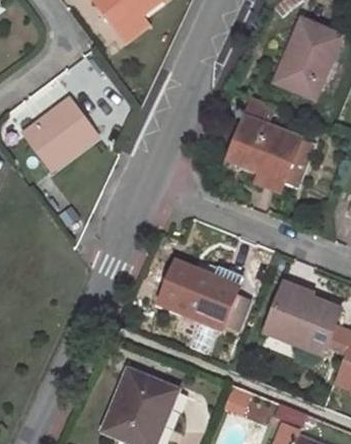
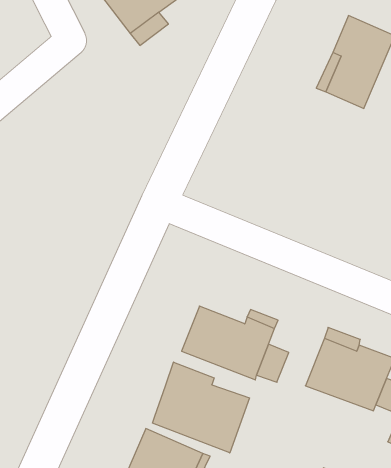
building: [21,94,97,169] -> none
building: [228,97,314,191] -> none
building: none -> [152,362,249,453]

